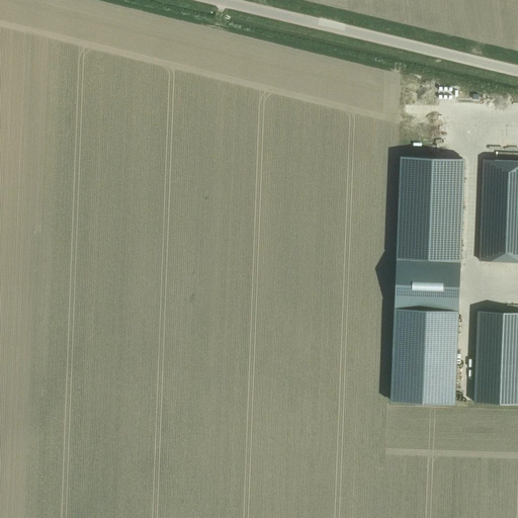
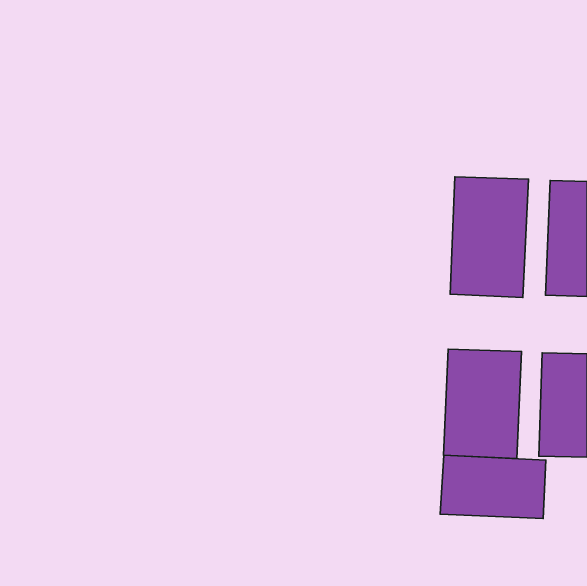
building: [395,260,460,311] -> none
building: none -> [440,455,546,519]

